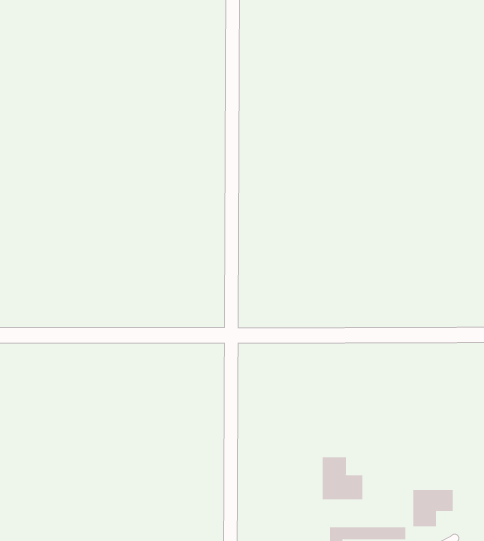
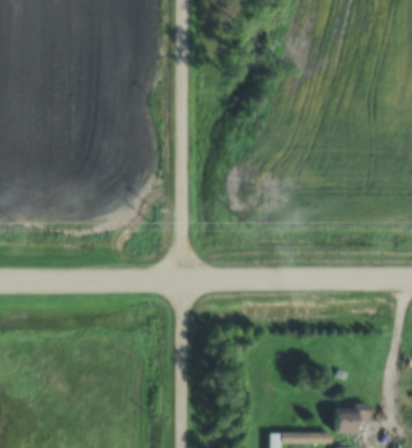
building: [322,456,363,500] -> none

